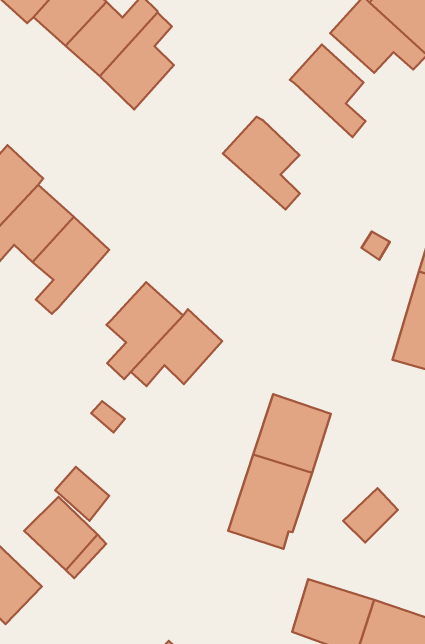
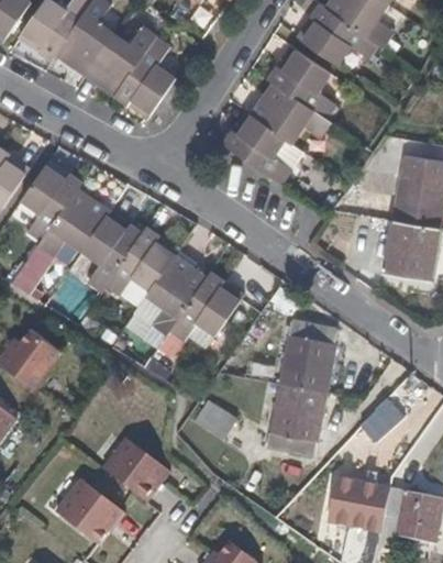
building: none -> [252,80,331,142]
building: none -> [107,228,179,295]
building: [55,467,109,521] -> [192,398,236,440]

